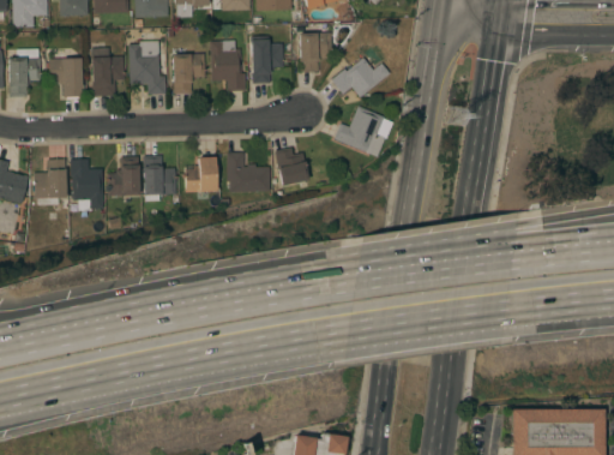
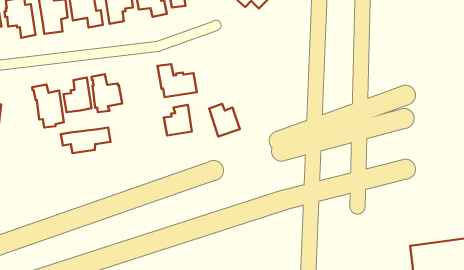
building: [335,106,389,157] -> none
building: [275,146,309,186] -> [209,104,240,137]
building: [185,157,217,192] -> [164,105,192,136]
building: [34,158,66,205] -> none
building: none -> [61,128,111,153]

